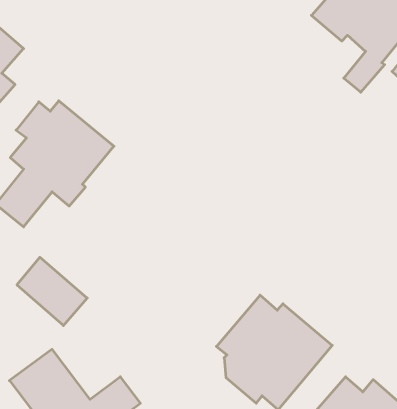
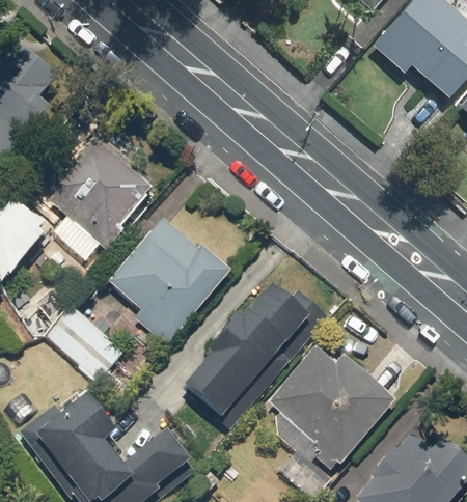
building: none -> [108,219,226,343]
building: none -> [178,288,324,428]

